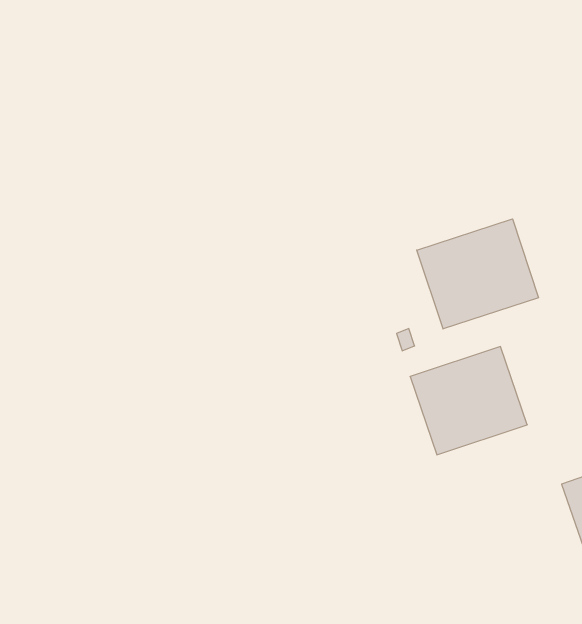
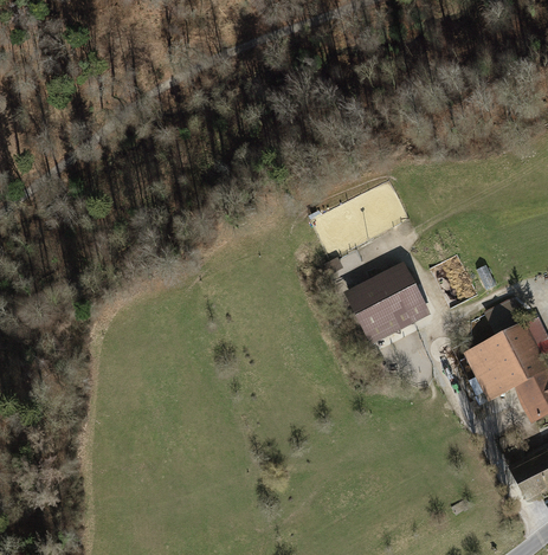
building: [417,219,539,329] -> none

